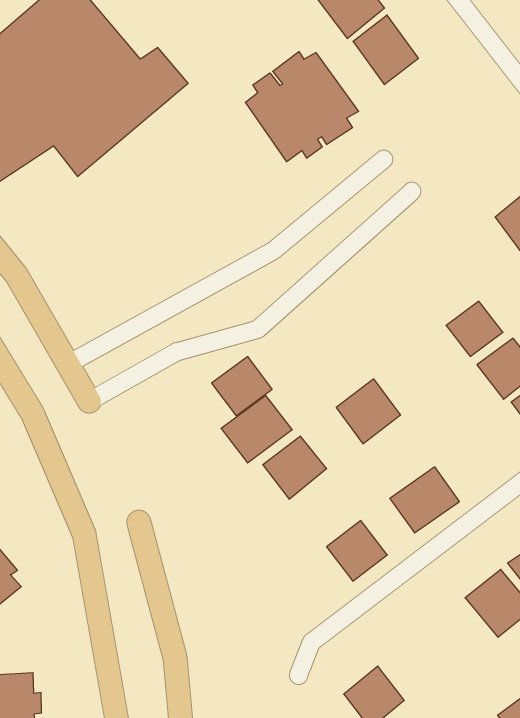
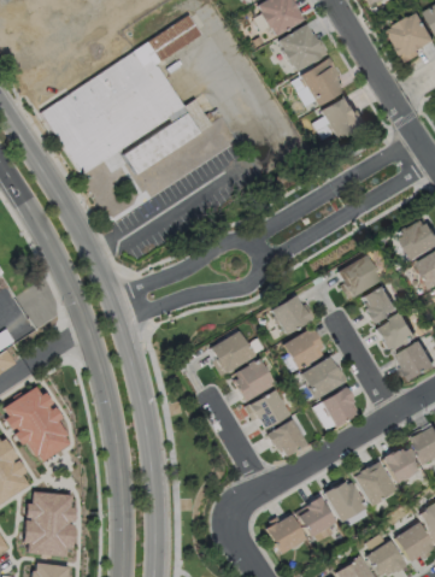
building: [245,52,359,162] -> none
building: none -> [337,254,380,295]
building: [212,357,272,416] -> [271,296,310,334]
building: none -> [300,357,343,398]
building: none -> [249,390,289,429]
building: none -> [323,481,364,522]
building: none -> [294,499,334,536]

